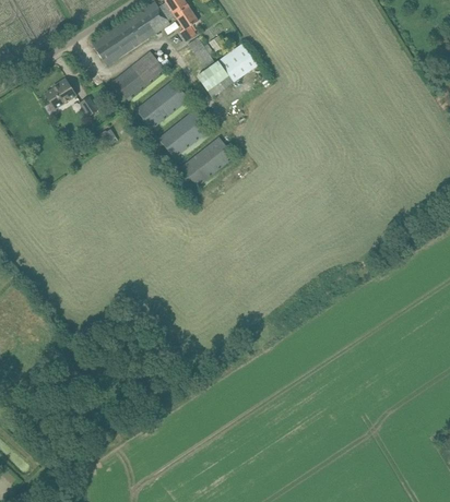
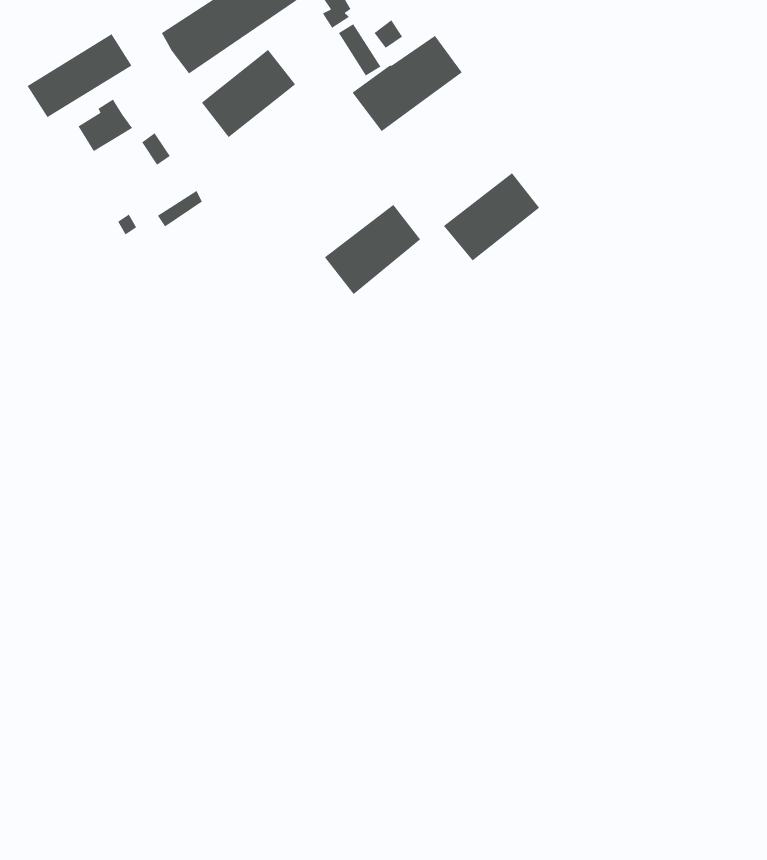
building: none -> [27,33,132,118]
building: [135,79,189,129] -> none
building: [158,108,212,157] -> [443,172,540,262]

